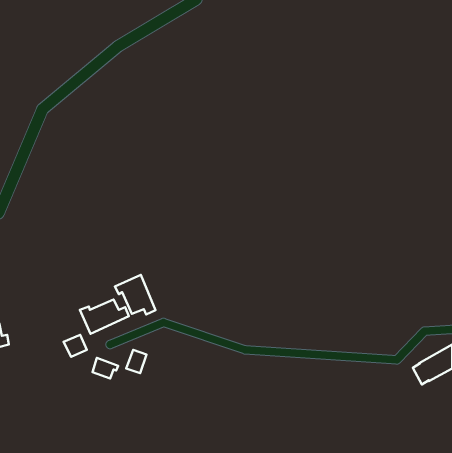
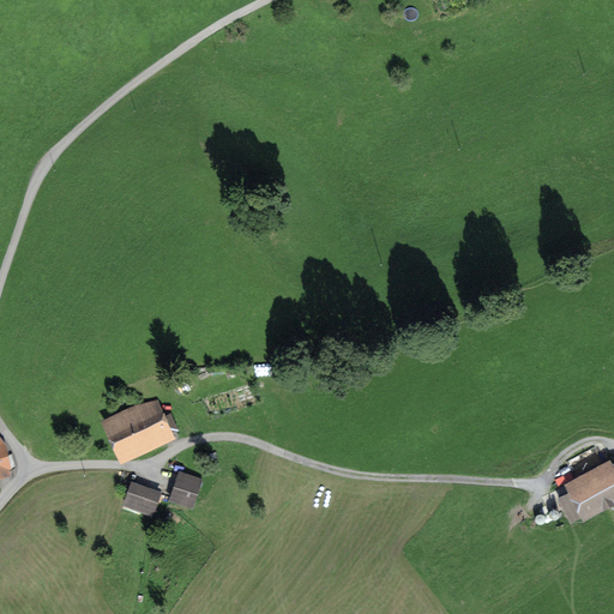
building: [115,275,156,315] -> none
building: [64,335,87,357] -> none

